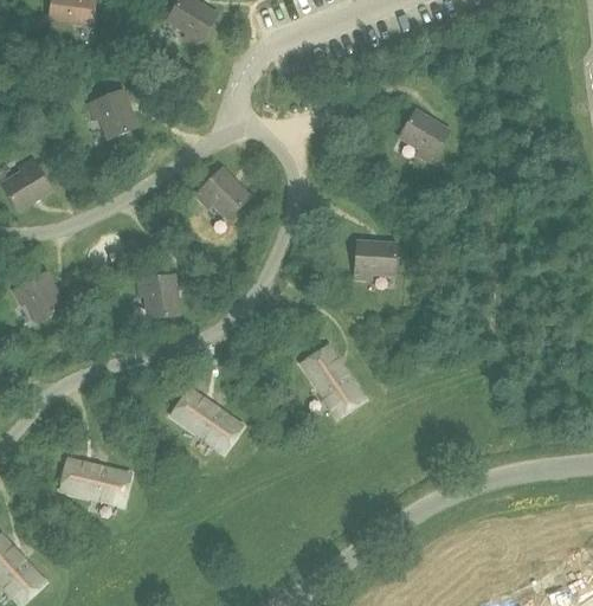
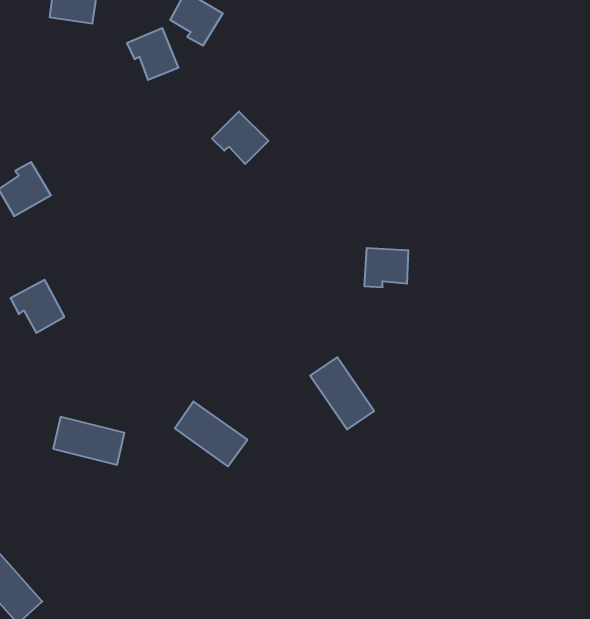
building: [88,89,137,138] -> [127,28,179,80]
building: [399,109,450,162] -> none
building: [195,168,250,219] -> [212,111,268,164]
building: [137,273,179,318] -> none
building: [60,458,129,504] -> [53,417,124,465]

